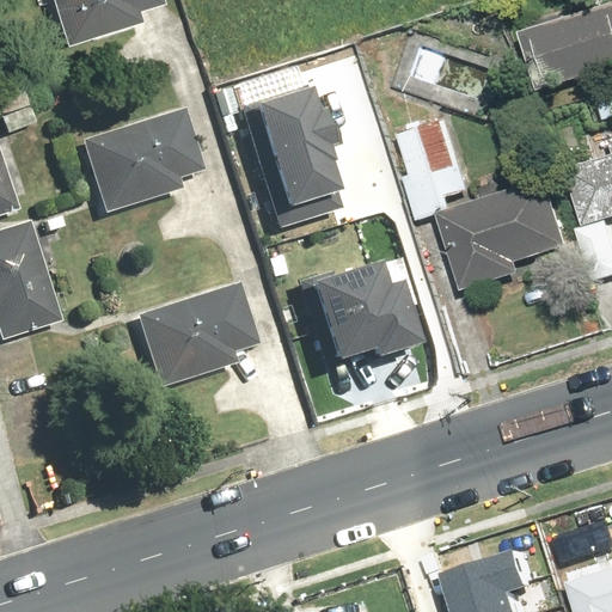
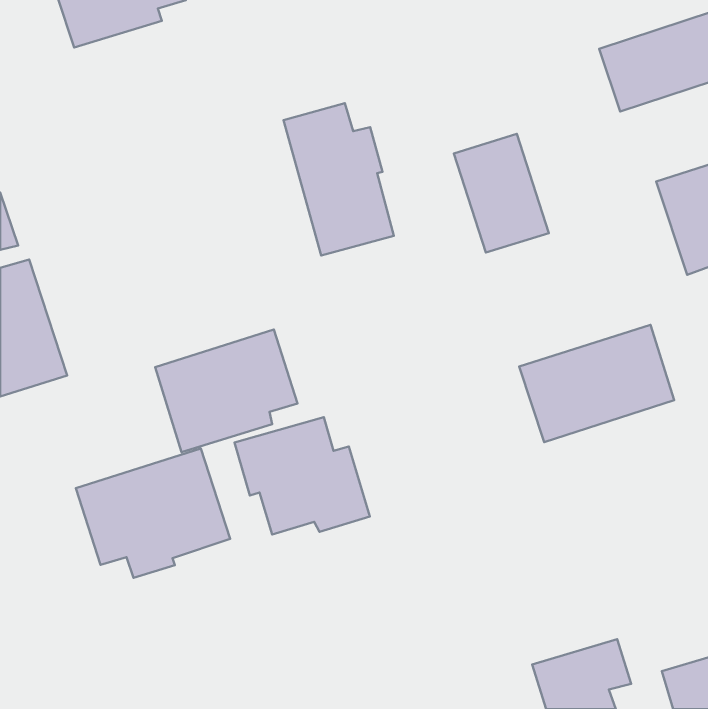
building: [82,109,204,213] -> none
building: [442,184,575,284] -> [519,325,674,442]
building: [301,255,417,355] -> [234,417,370,534]
building: none -> [76,448,230,578]

